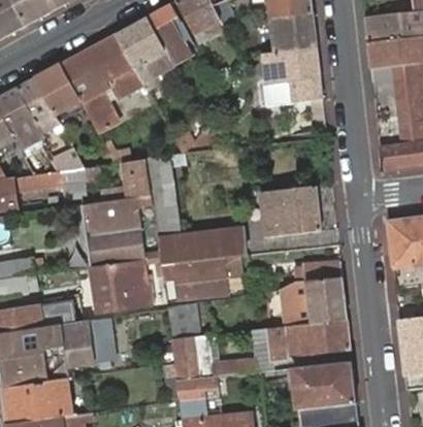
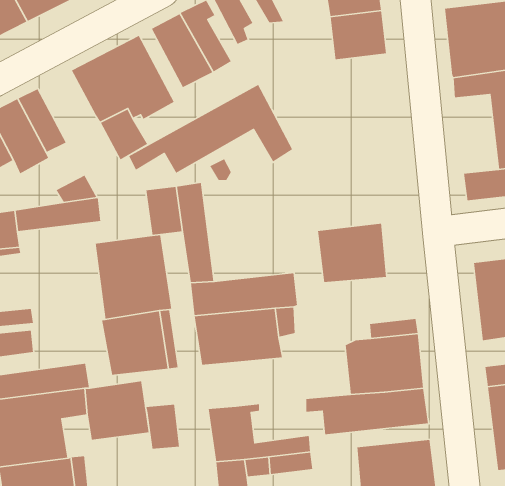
building: [265,51,322,106] -> none
building: [33,64,79,123] -> none
building: none -> [128,84,293,174]
building: [166,301,194,338] -> [146,404,180,450]

